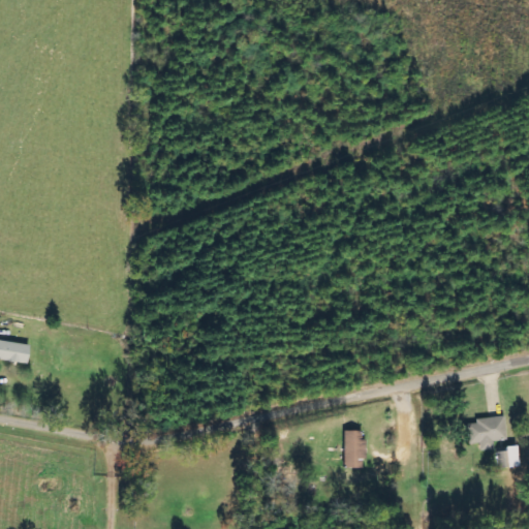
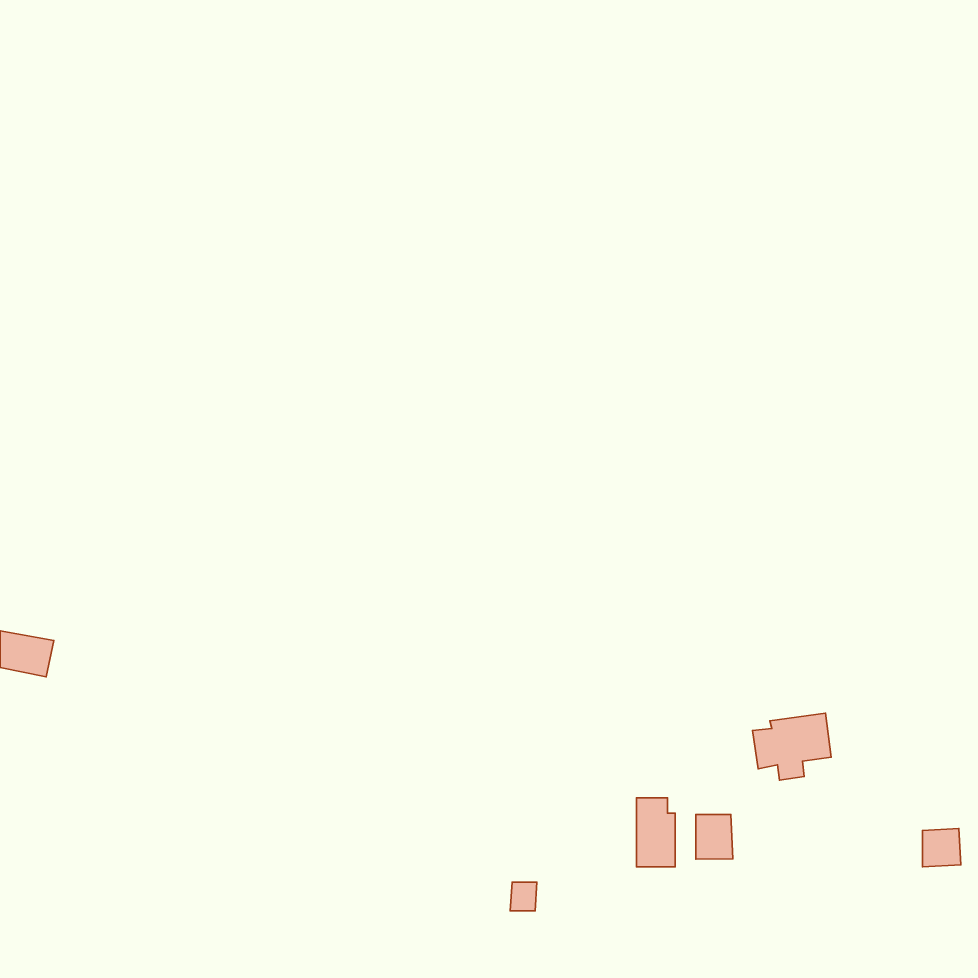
building: [466,414,508,450] -> [753,713,831,780]
building: none -> [696,814,733,859]

